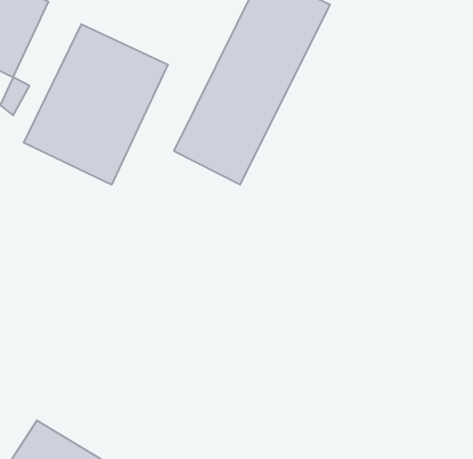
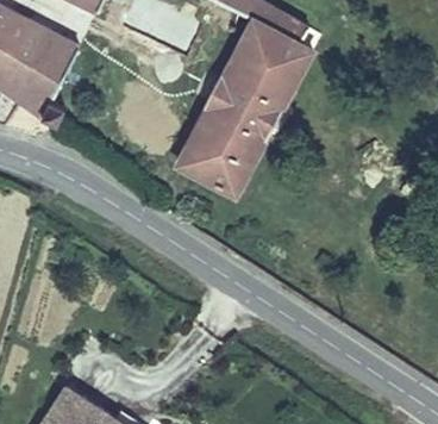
building: [24,24,168,185] -> none

